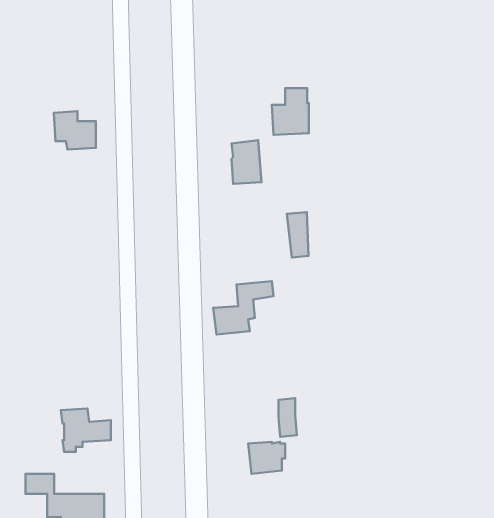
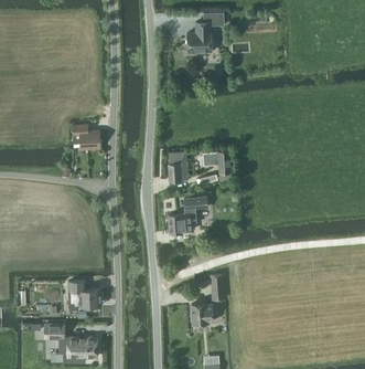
building: [272,88,309,135] -> [186,22,211,53]
building: [54,111,96,150] -> [72,124,99,149]
building: [231,140,262,184] -> [168,151,187,180]

